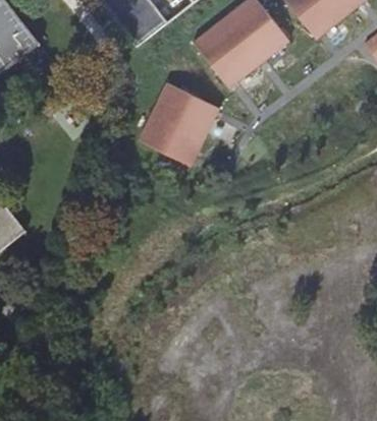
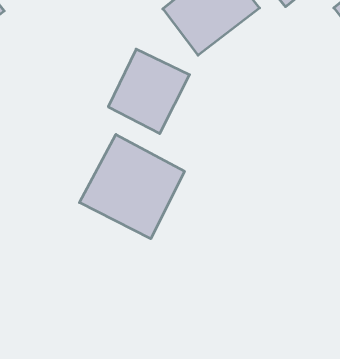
building: none -> [79,134,184,239]

